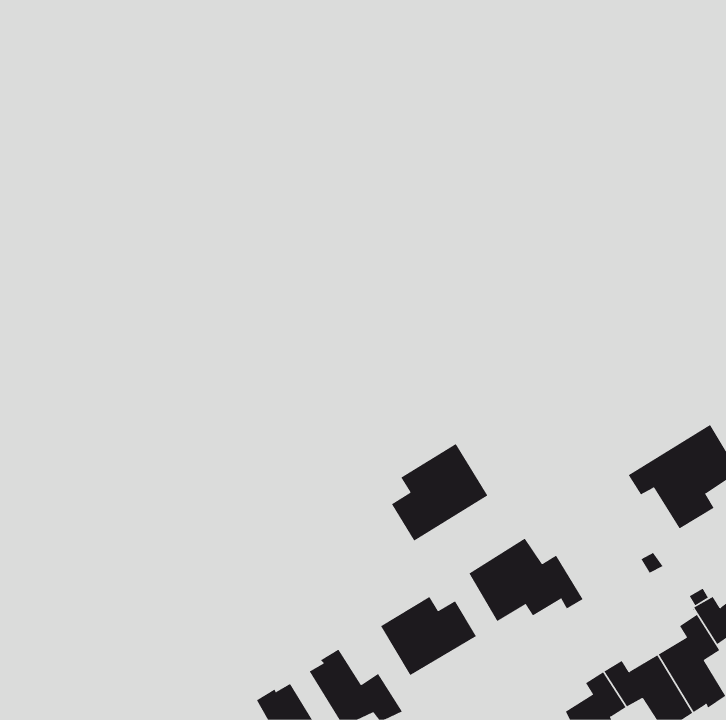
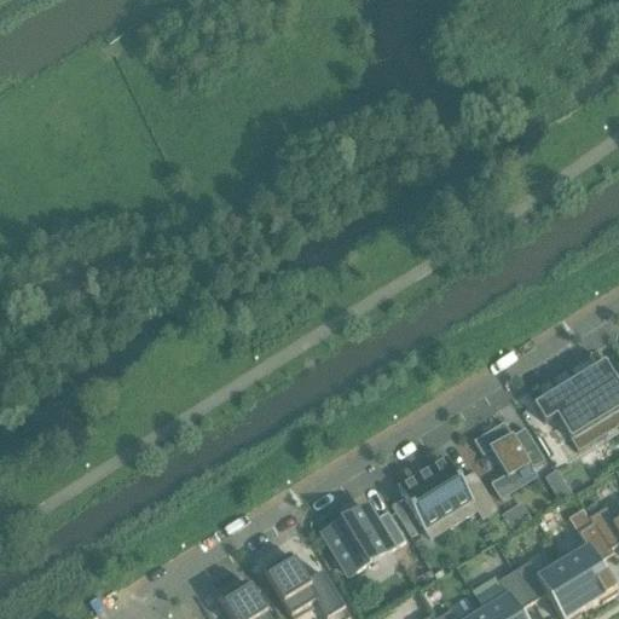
building: [391,443,488,542] -> none
building: none -> [474,421,545,498]

